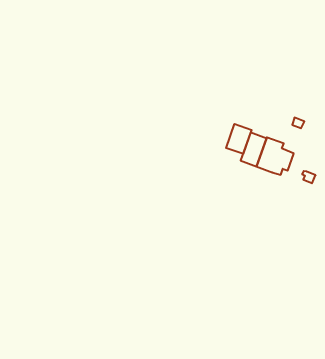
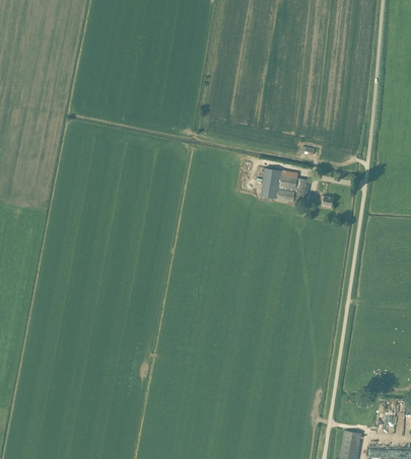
building: [226,124,252,154] -> none

